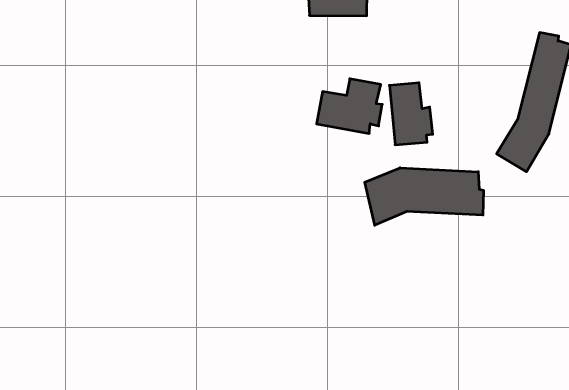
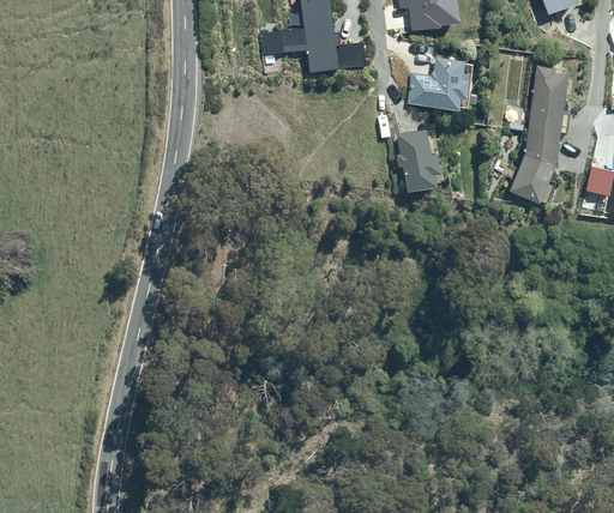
building: [317,79,382,133] -> [408,55,470,107]
building: [365,168,483,225] -> none

